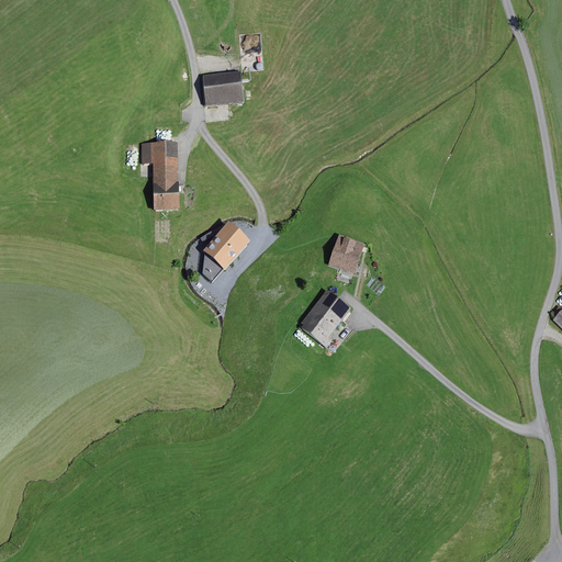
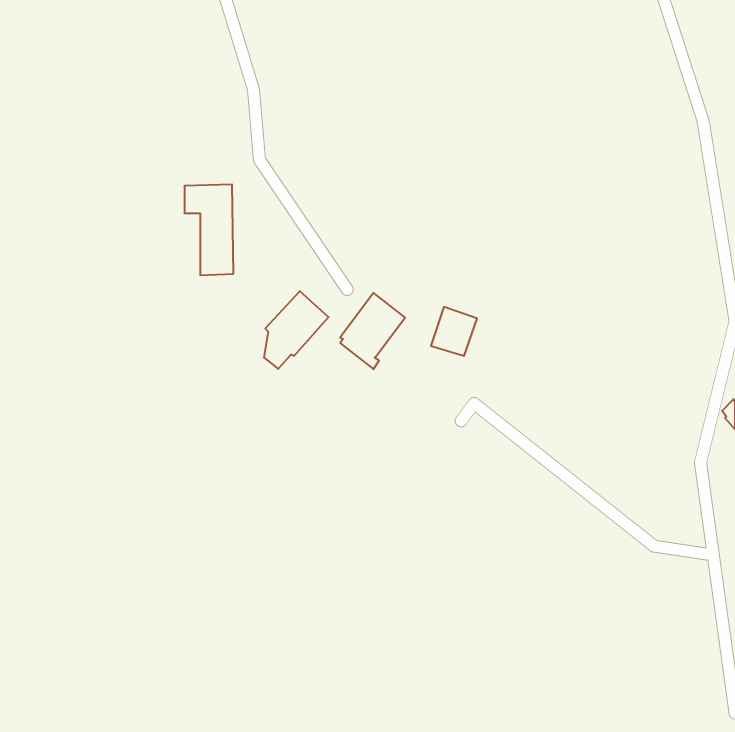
building: [202,71,243,105] -> none
building: [301,289,350,347] -> [340,293,405,369]

